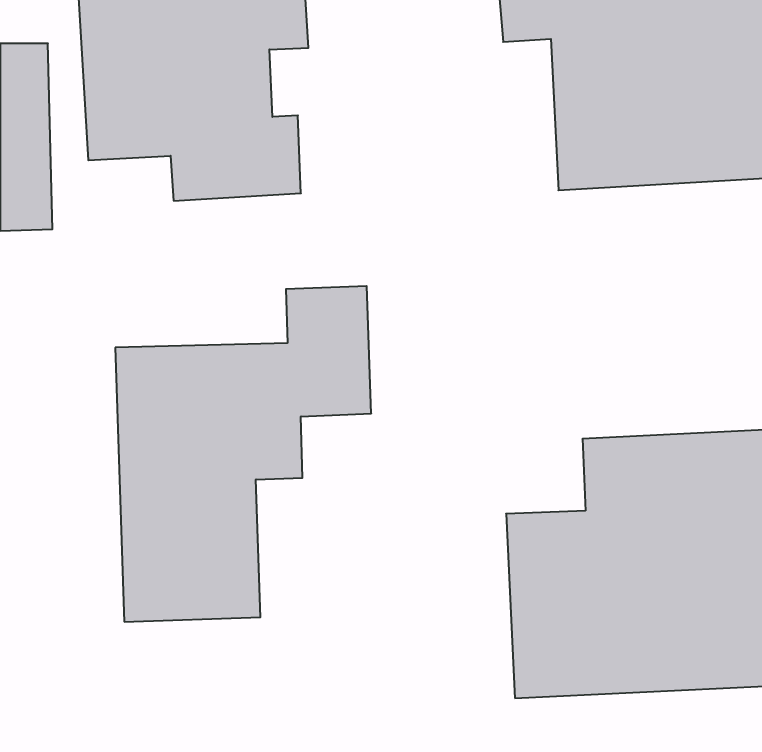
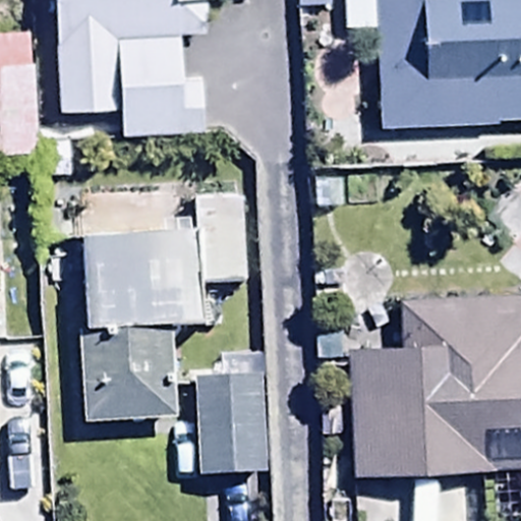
building: none -> [195,375,268,475]

